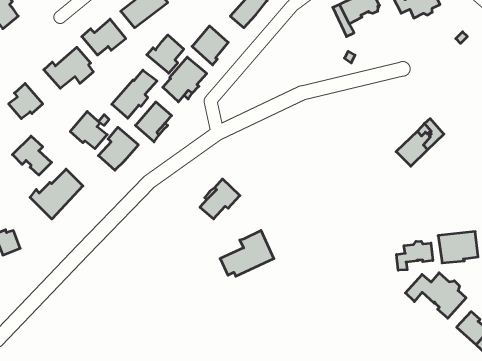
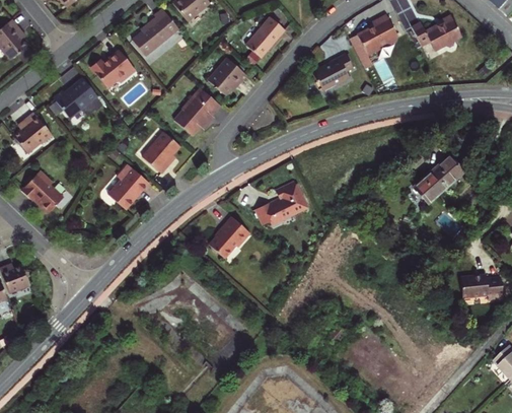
building: none -> [312,51,353,88]
building: [147,35,184,73] -> none
building: [112,70,157,118] -> none
building: [70,111,107,149] -> none
building: [30,169,83,219] -> none
building: [220,230,274,276] -> [254,177,310,224]
building: [397,241,433,270] -> none
building: [405,273,466,318] -> none

